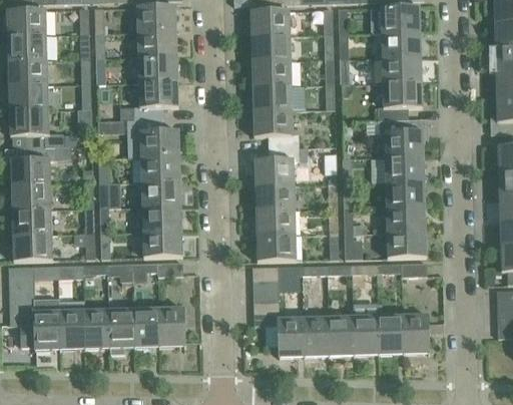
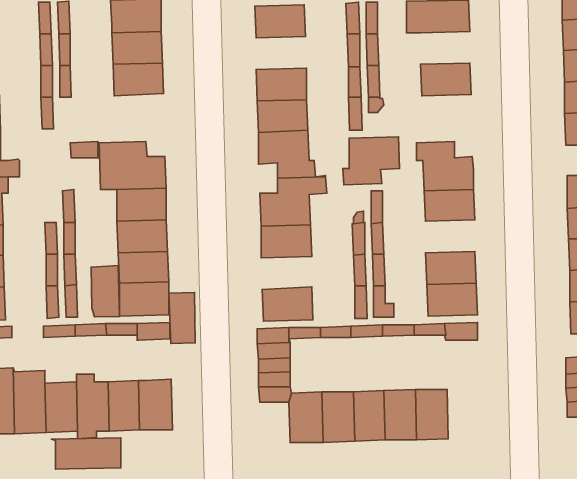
building: [382,31,421,57] -> none
building: [251,35,292,61] -> none
building: [134,80,178,119] -> none
building: [378,81,423,119] -> [343,137,400,185]
building: [386,180,425,207] -> none
building: [255,210,296,236] -> none
building: none -> [91,266,119,317]
building: none -> [169,293,195,343]
building: [403,314,445,354] -> none
building: none -> [51,438,121,469]

